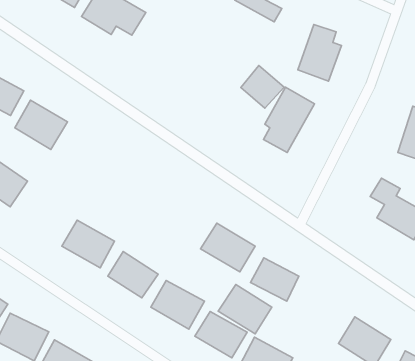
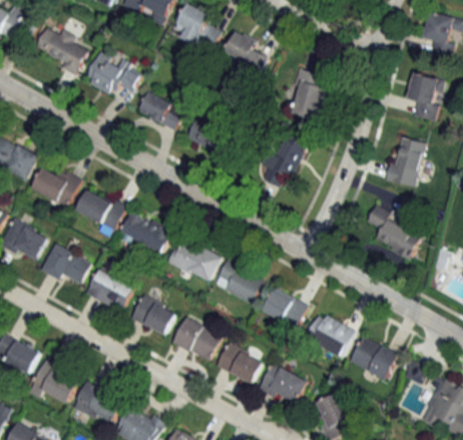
building: none -> [137,91,184,129]
building: [241,65,284,108] -> [185,113,225,152]
building: none -> [74,186,125,230]
building: none -> [119,210,172,254]
building: none -> [41,244,89,287]
building: none -> [167,238,220,282]
building: [218,284,272,334] -> [305,312,354,356]

